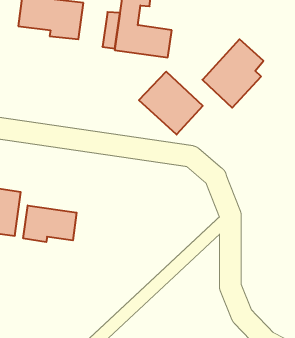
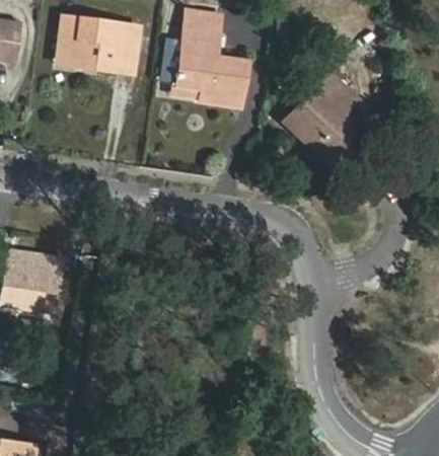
building: [139,72,203,135] -> none
building: [23,205,77,242] -> none

